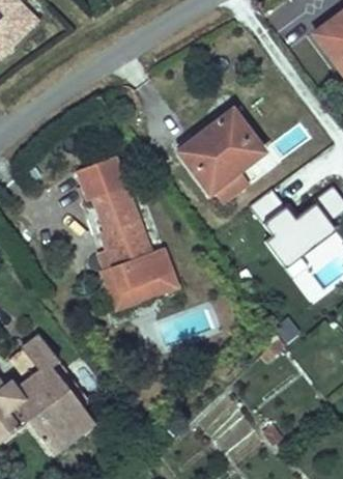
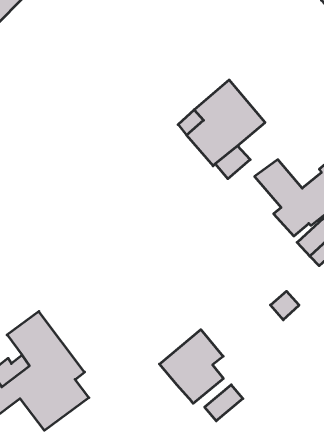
building: [83,160,178,301] -> none
building: none -> [159,330,223,403]

